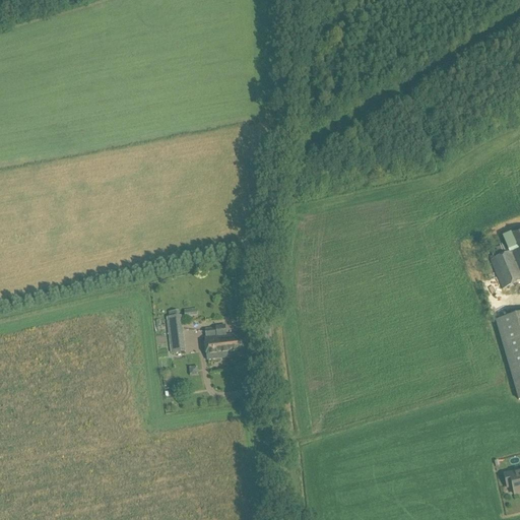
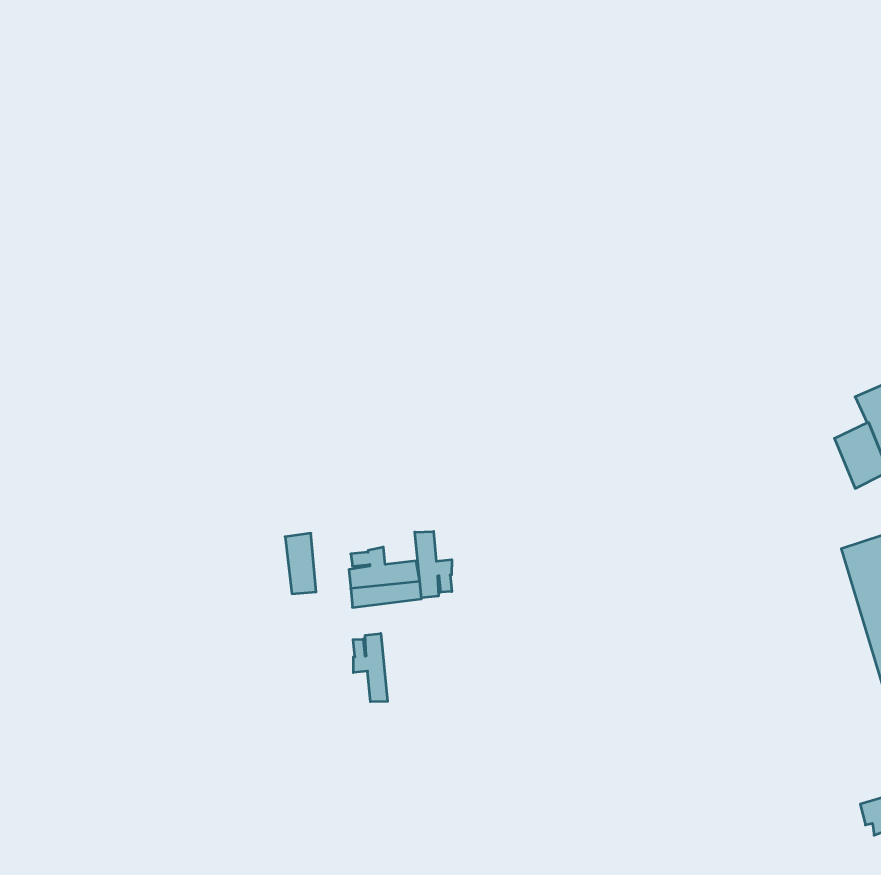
building: none -> [415,531,452,598]
building: none -> [353,633,388,702]

